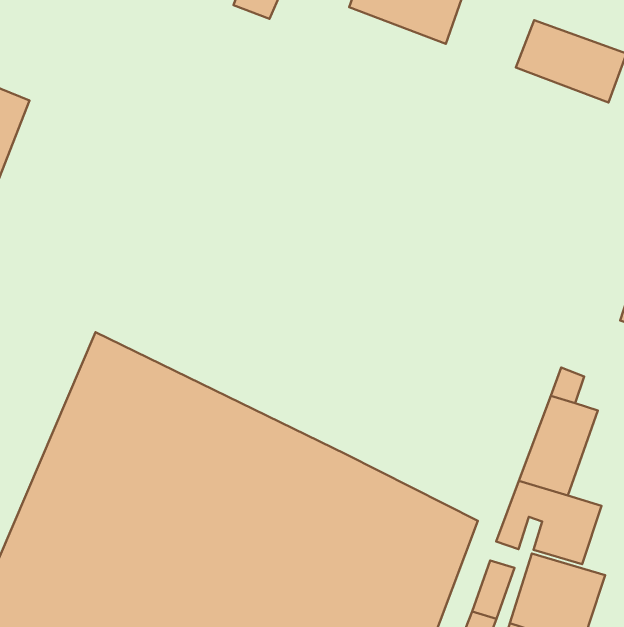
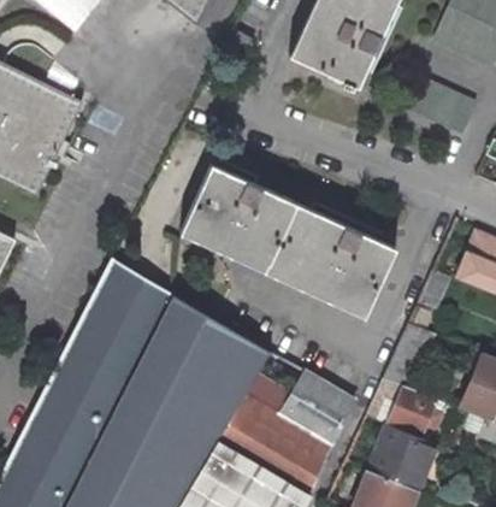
building: none -> [184,166,396,309]

